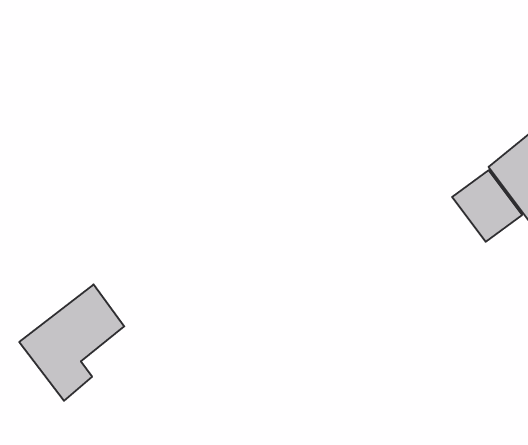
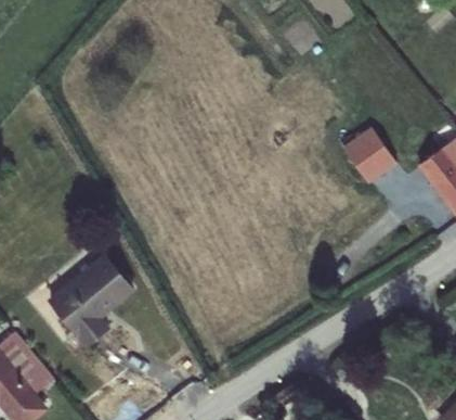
building: [452,170,522,242] -> [342,126,396,181]

